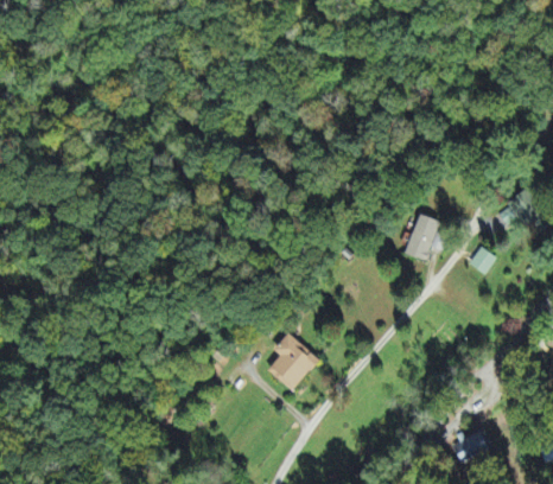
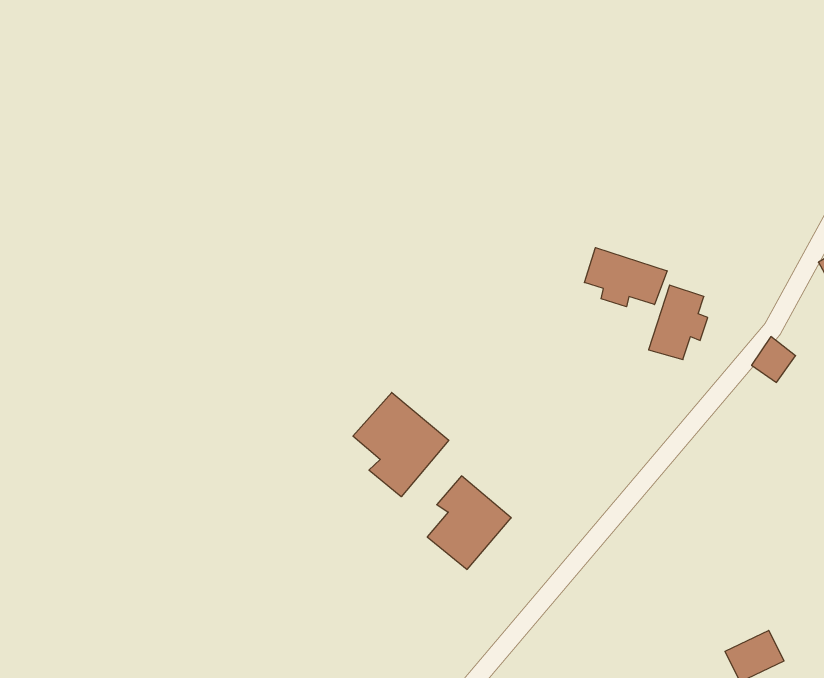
building: none -> [584,248,667,307]
building: none -> [353,392,449,497]

